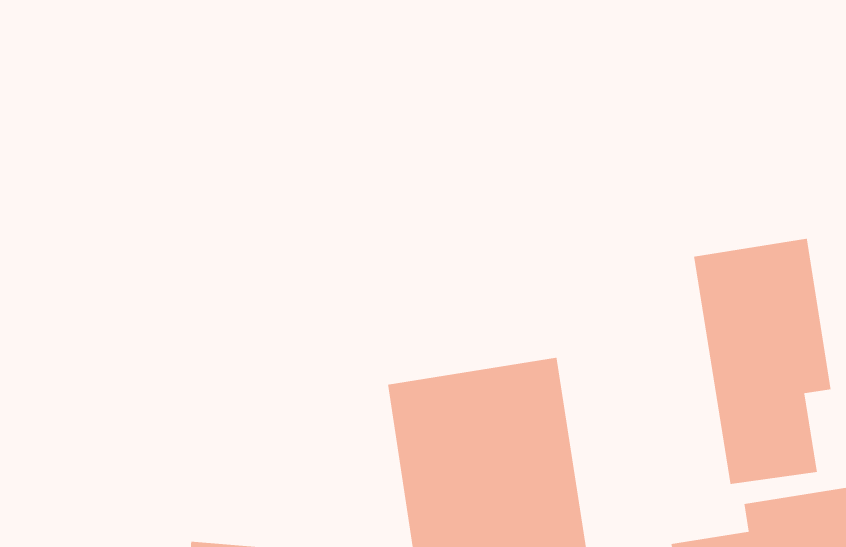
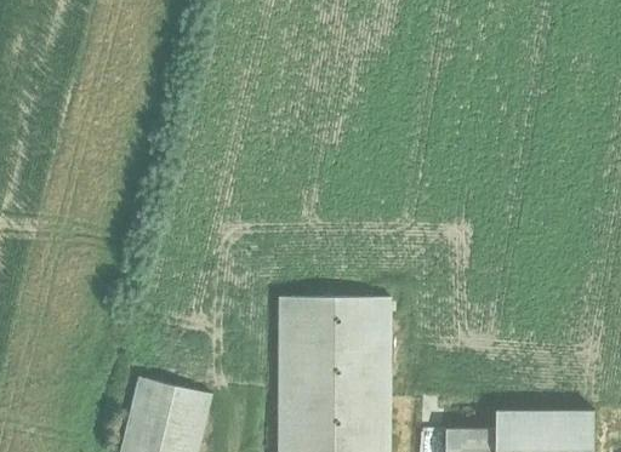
building: [693,238,832,485] -> none

